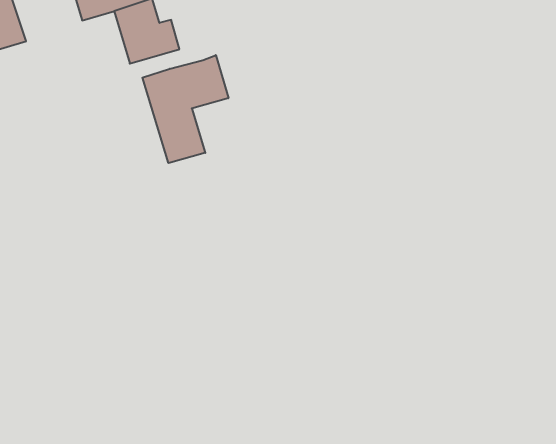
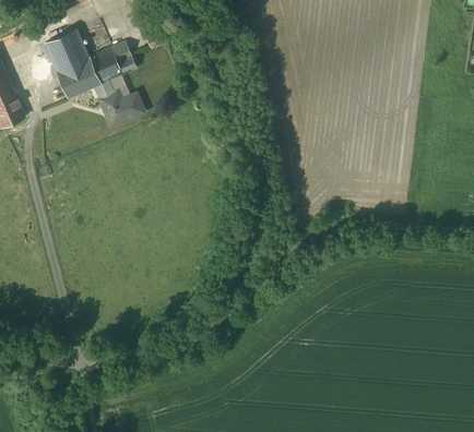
building: [142,55,228,163] -> none

